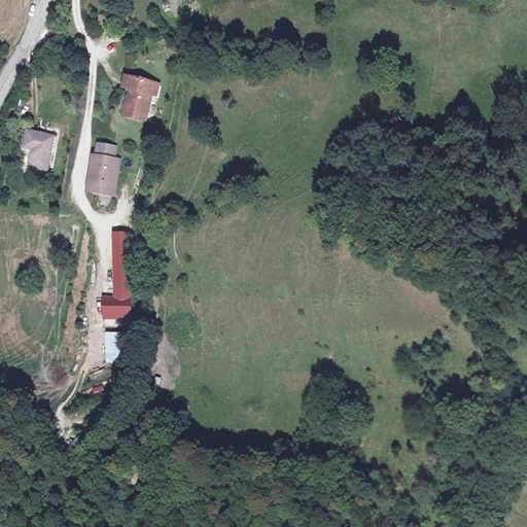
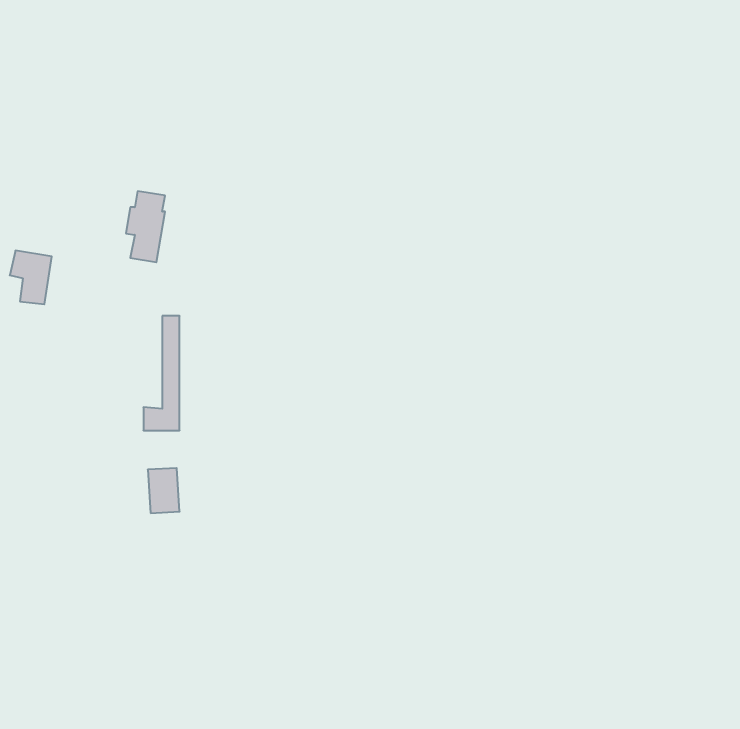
building: [116,73,152,119] -> none
building: [23,129,52,167] -> [10,251,52,304]

